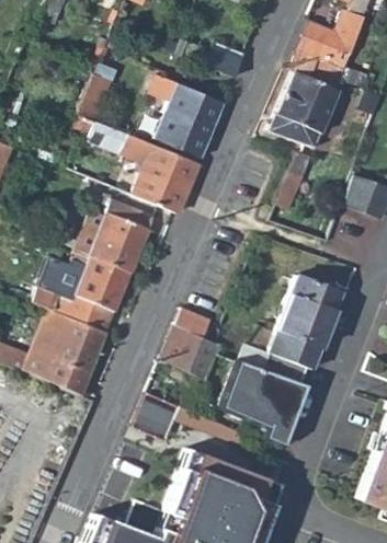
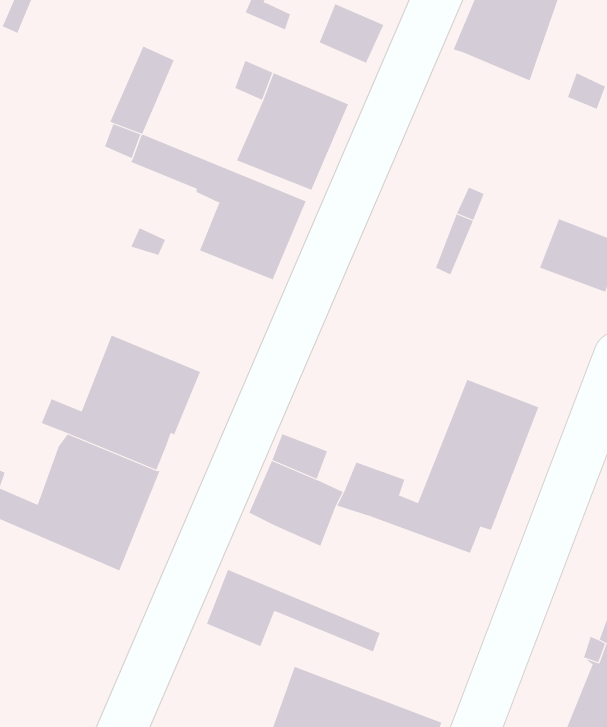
building: [273,71,339,146] -> none
building: [77,199,155,269] -> none
building: [221,359,304,441] -> none

